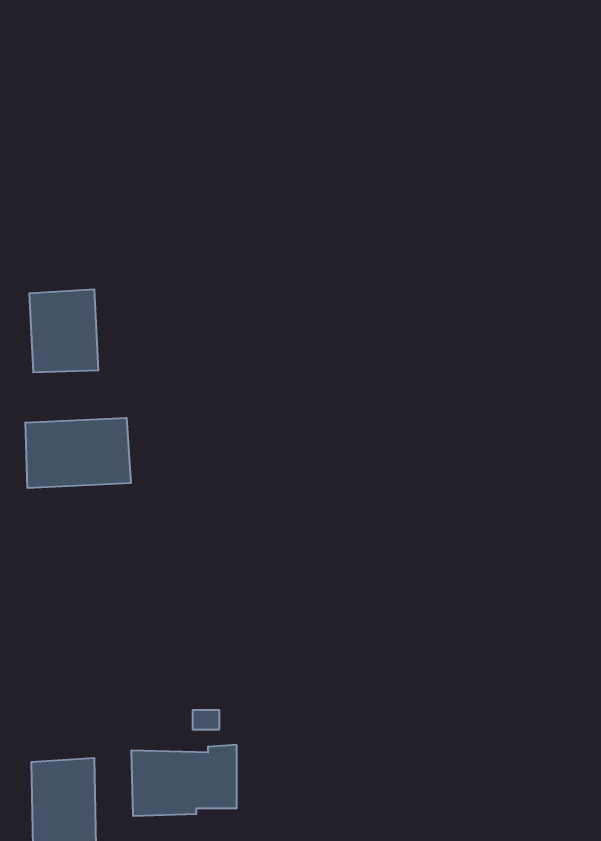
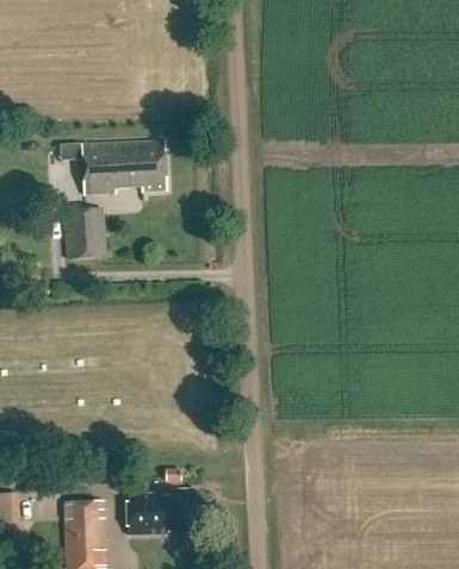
building: none -> [83,140,165,194]
building: [25,418,131,488] -> none

